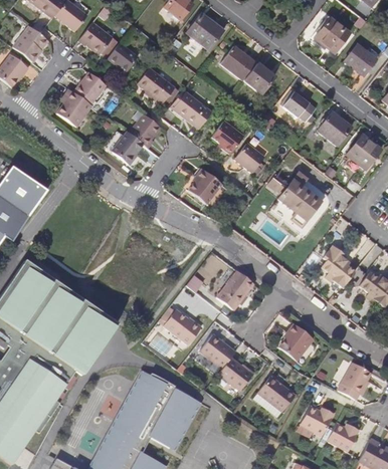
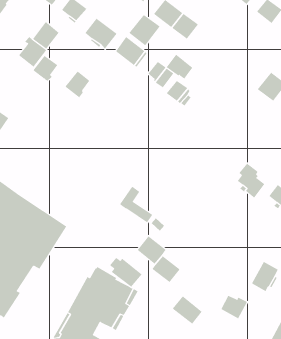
building: none -> [129,14,160,46]
building: [282,90,316,122] -> [166,54,193,80]
building: [318,111,352,146] -> none
building: [130,115,161,148] -> [33,55,58,82]
building: [187,170,220,205] -> none
building: [277,171,322,220] -> none
building: [216,269,253,309] -> none
building: [161,307,201,344] -> [109,257,142,288]
building: [278,323,314,360] -> none
building: [257,375,295,410] -> [172,295,203,324]
building: [330,422,362,449] -> none

